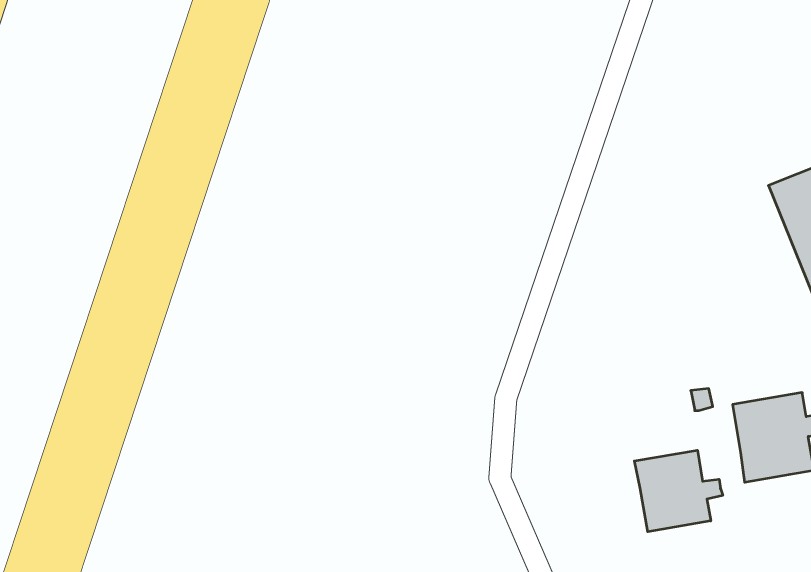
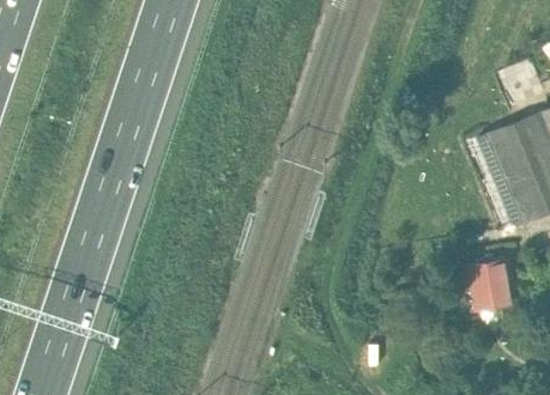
building: [634,450,723,532] -> none

